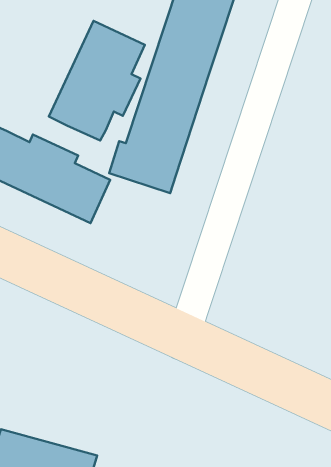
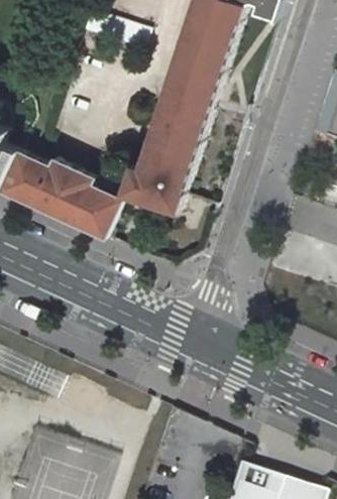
building: [49,21,145,141] -> none

